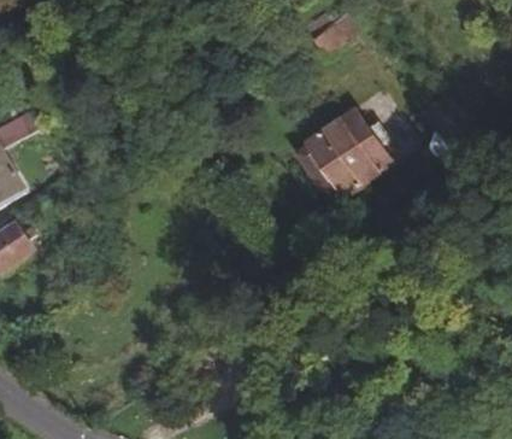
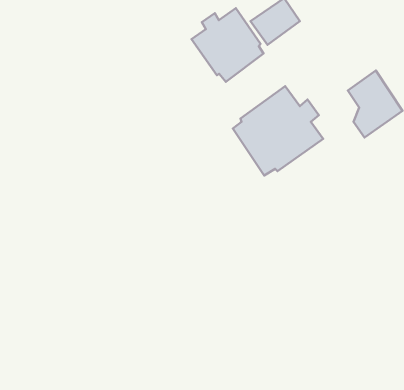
building: none -> [191,8,264,82]

